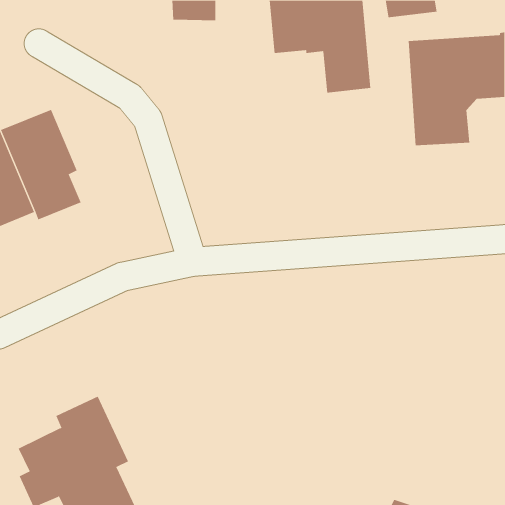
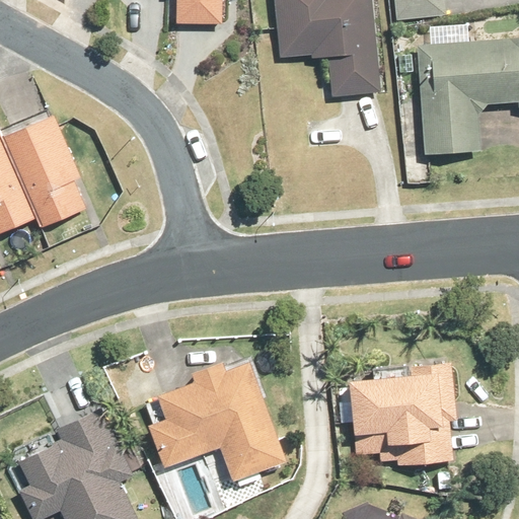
building: none -> [148,360,286,480]
building: none -> [349,362,456,466]

